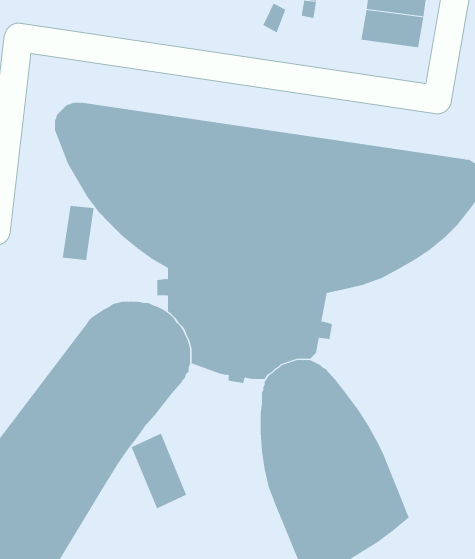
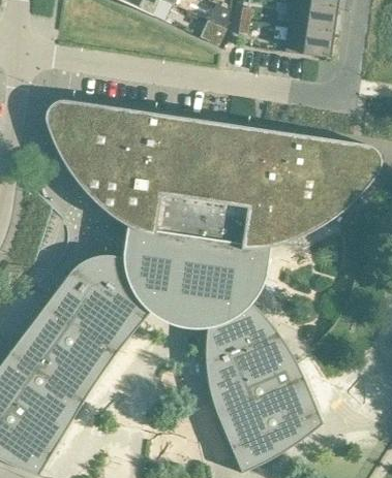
building: [62,205,94,261] -> none
building: [131,433,187,509] -> none

